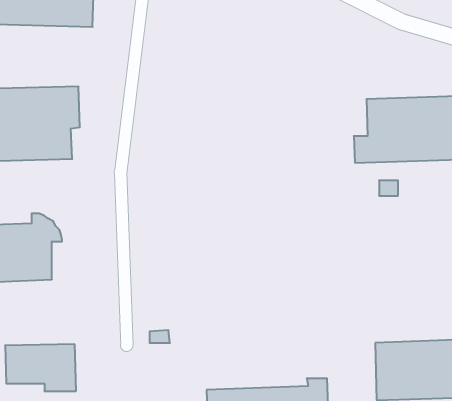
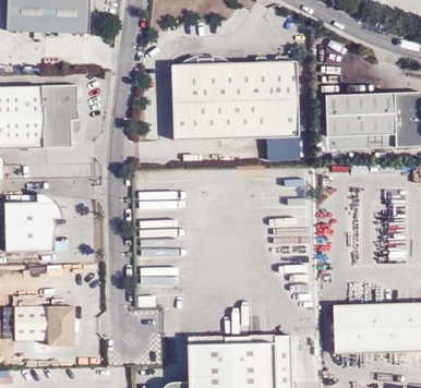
building: none -> [170,60,299,159]

